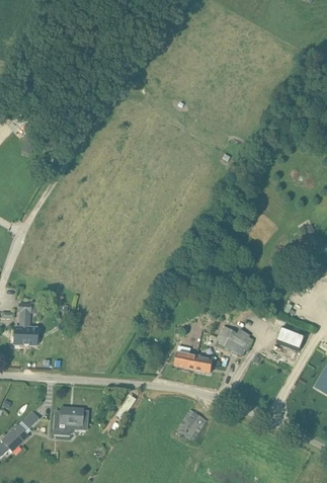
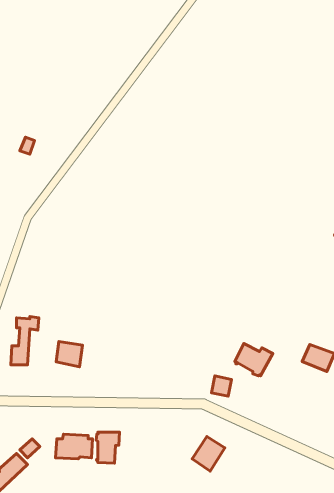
building: none -> [56,341,82,367]
building: [174,345,197,370] -> none
building: none -> [96,432,119,463]

